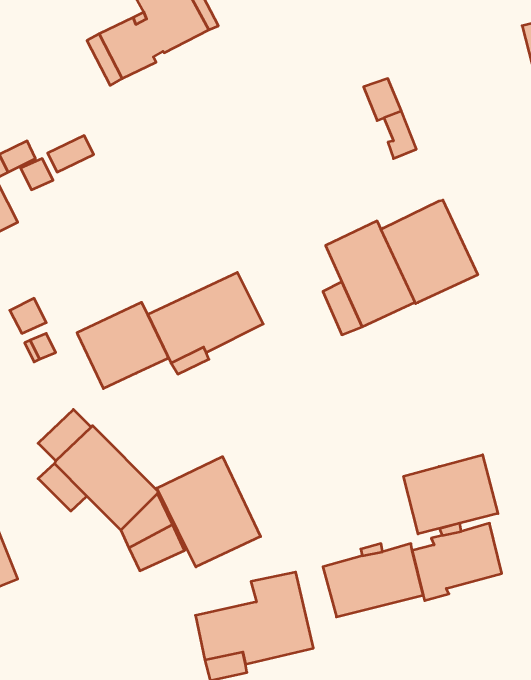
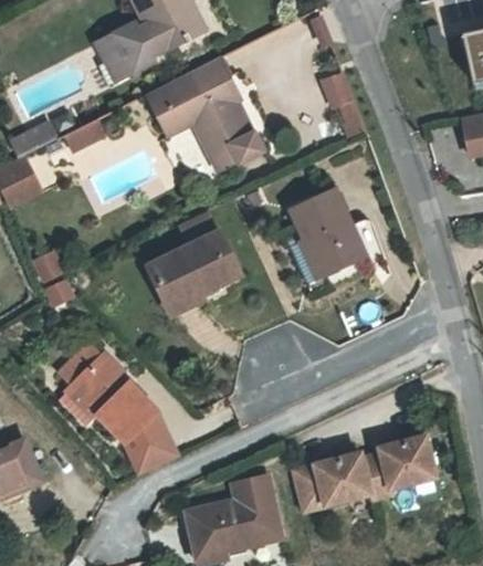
building: none -> [149,57,263,171]
building: [381,200,478,304] -> none
building: [77,302,168,389] -> none
building: [404,455,498,534] -> none
building: [157,457,261,567] -> none

